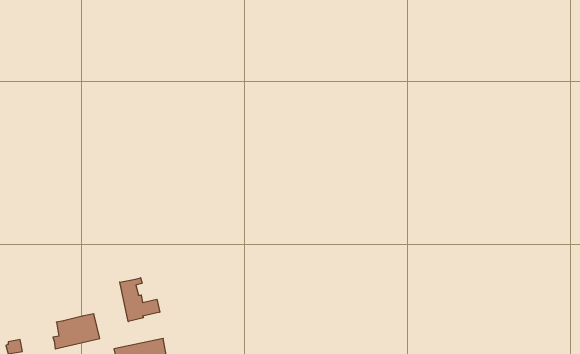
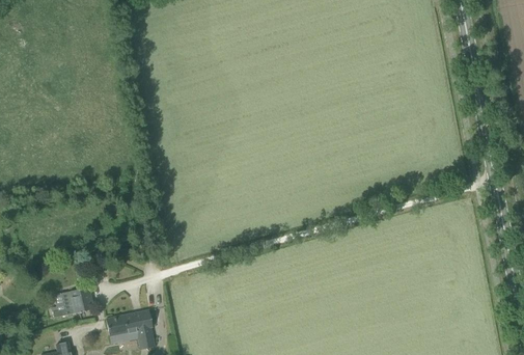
building: [120,278,160,322] -> none

